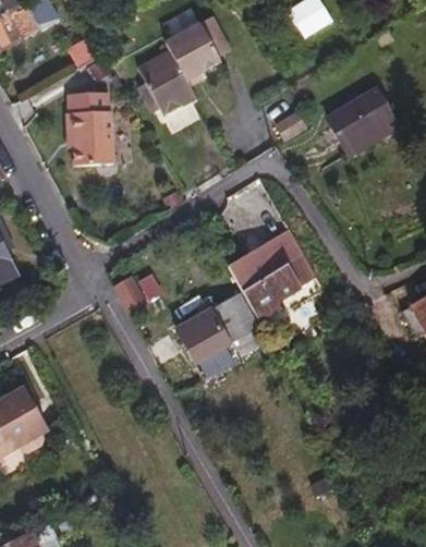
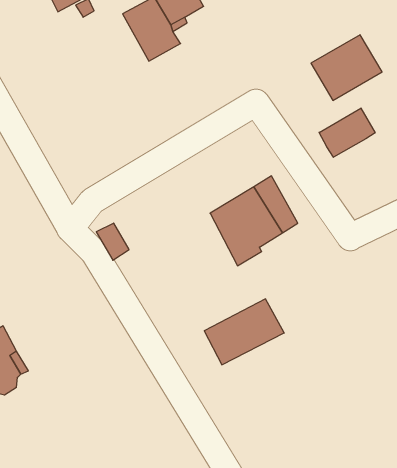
building: [64,92,114,166] -> none
building: none -> [319,108,375,157]
building: [177,296,256,362] -> [204,299,284,365]

